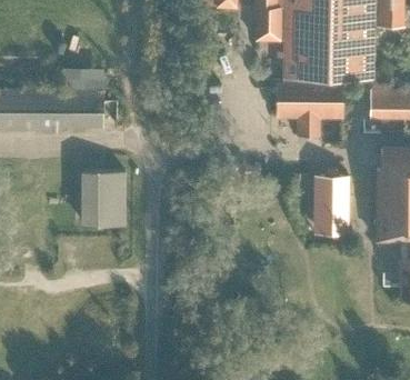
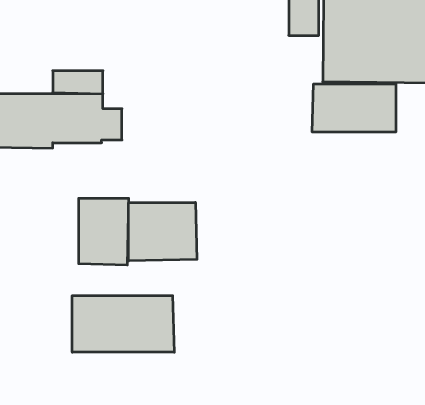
building: [314,174,349,222] -> none
building: none -> [129,202,197,261]
building: none -> [72,296,174,352]

